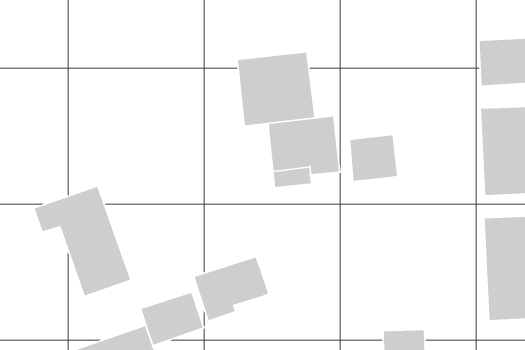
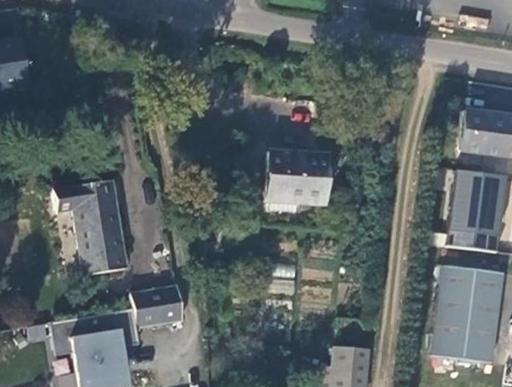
building: [237,52,315,126] -> none
building: [349,135,398,182] -> none
building: [194,256,269,321] -> none

